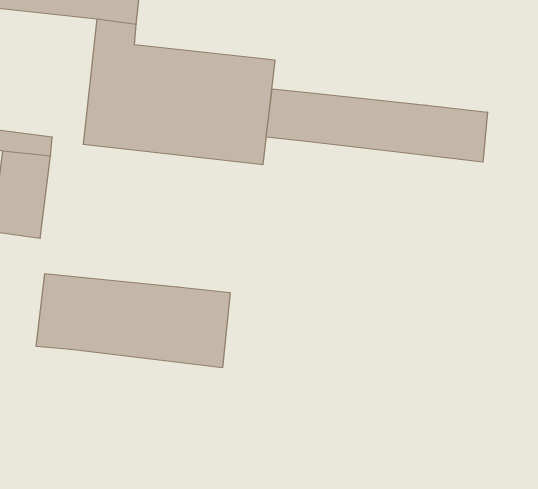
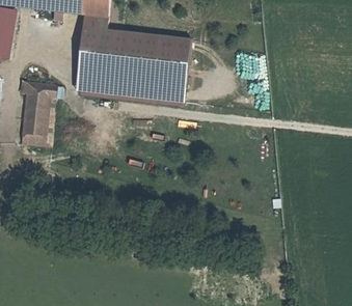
building: [266,89,487,162] -> none
building: [36,274,230,368] -> none

